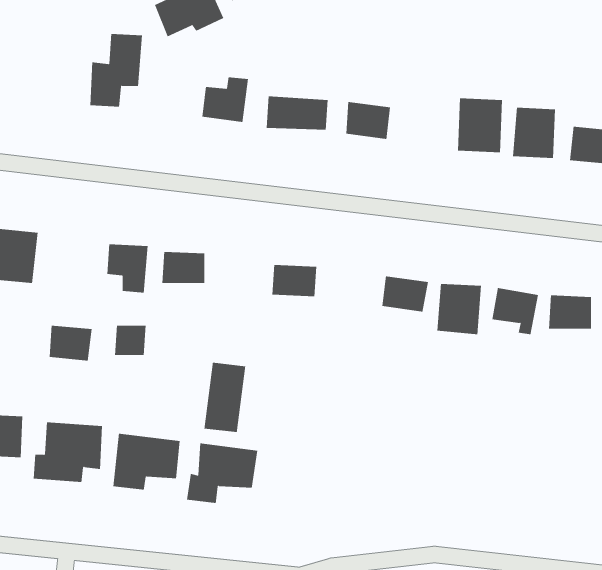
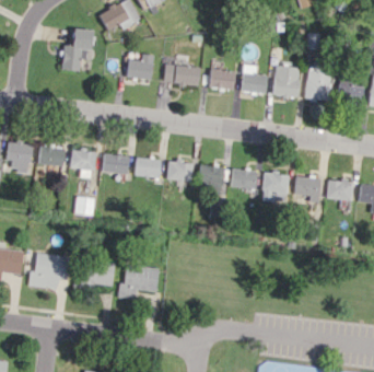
building: none -> [242,72,268,93]
building: none -> [136,158,162,177]
building: none -> [199,165,225,185]
building: [49,325,92,361] -> [40,146,66,166]
building: [204,362,246,433] -> none

